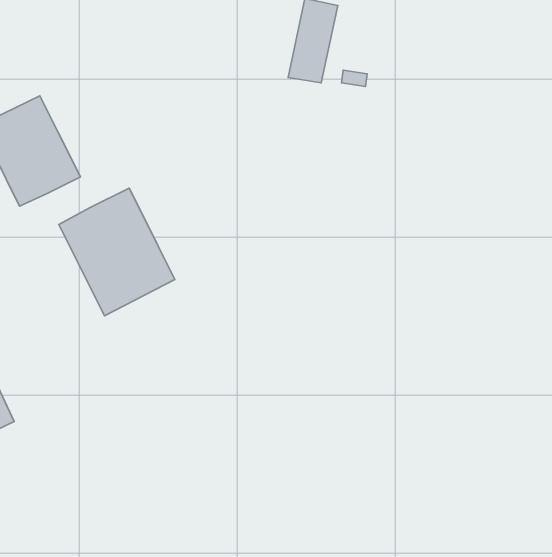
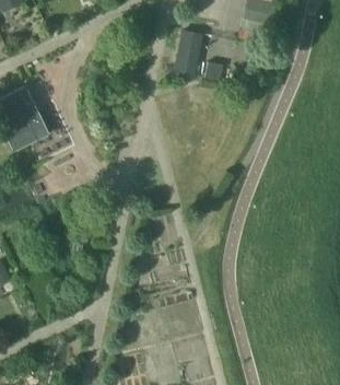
building: [59,188,175,316] -> none

